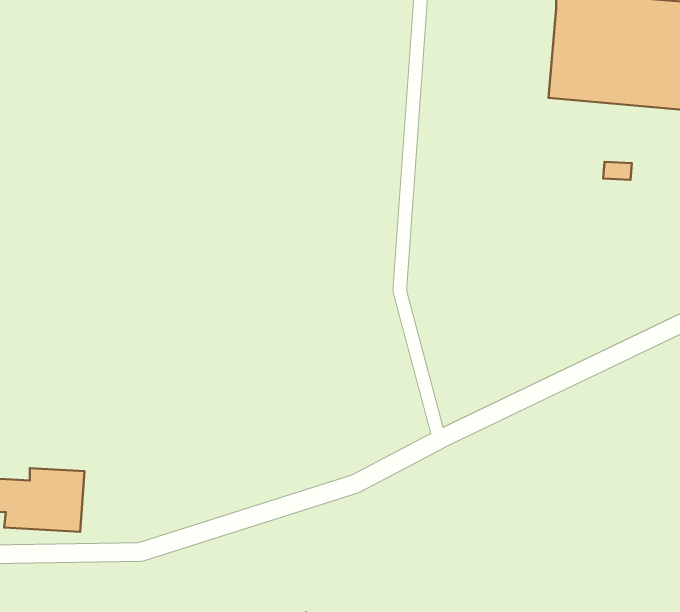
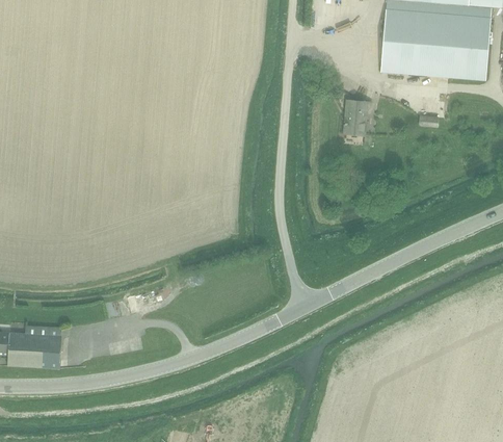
building: none -> [344,100,370,134]

